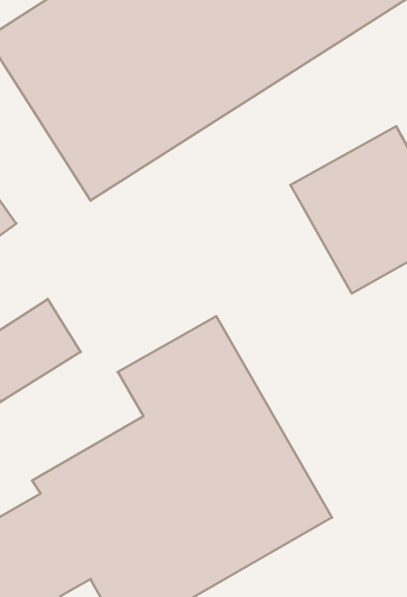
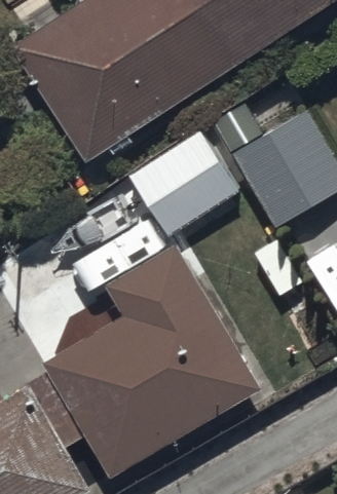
building: none -> [126,129,237,237]

